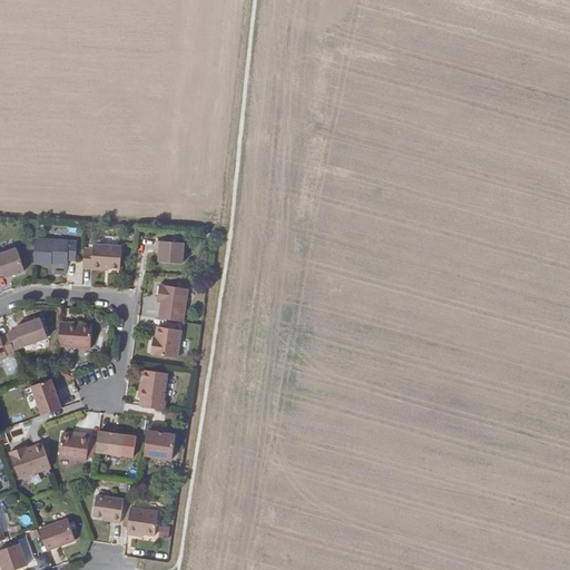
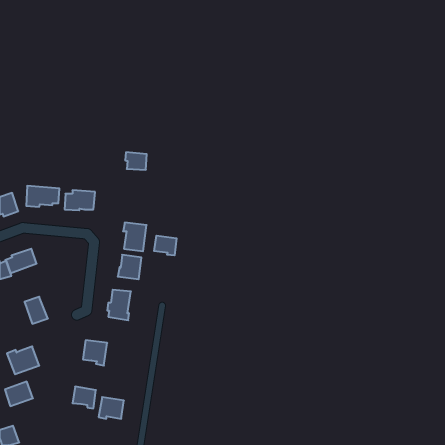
building: [156,239,184,262] -> [125,152,147,170]
building: none -> [154,236,177,255]
building: [58,325,91,350] -> none
building: [58,431,89,460] -> none
building: [148,434,178,455] -> none
building: [39,518,75,549] -> [5,382,33,406]

